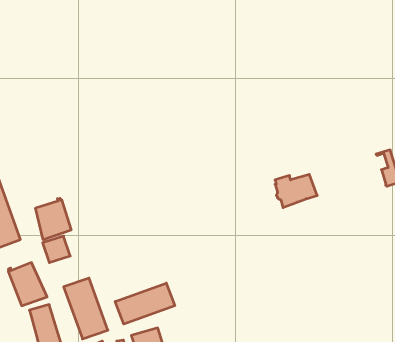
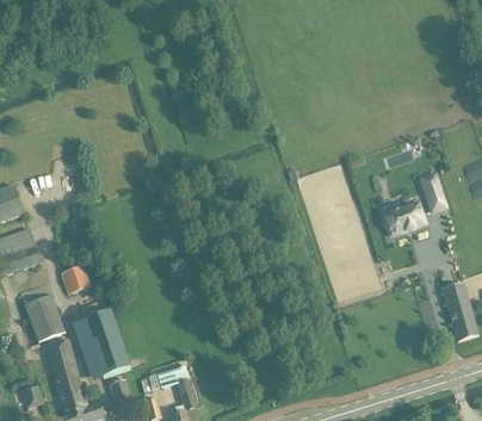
building: [275,174,317,208] -> [381,200,426,236]
building: [36,198,71,240] -> none
building: [115,283,175,324] -> none

